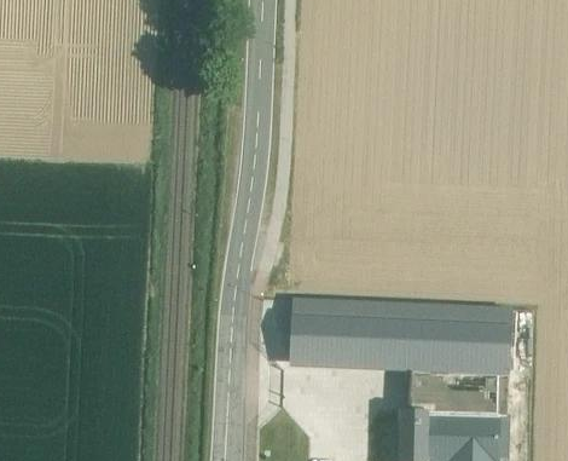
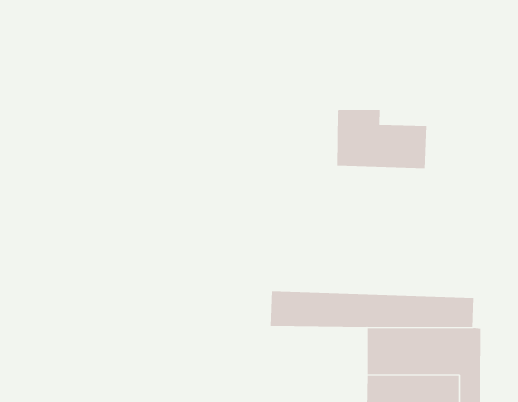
building: none -> [337,109,427,169]
building: [292,298,508,327] -> none

